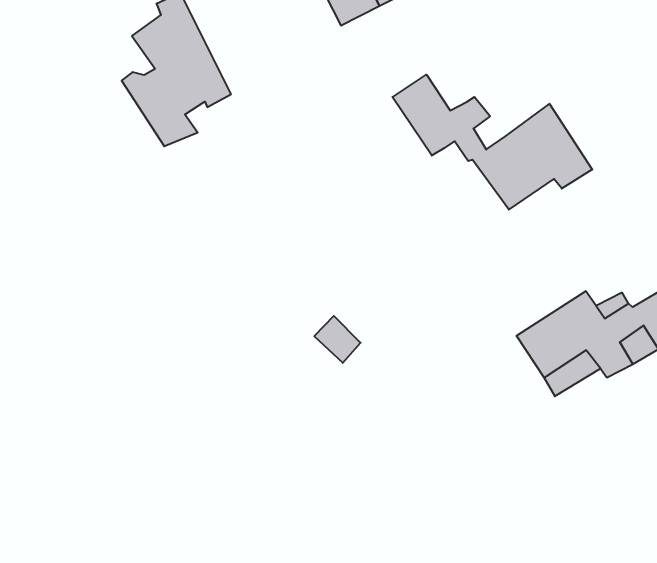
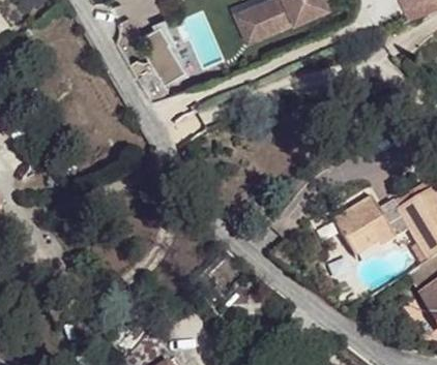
building: [392,75,592,210] -> none

